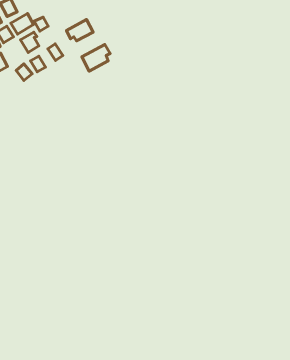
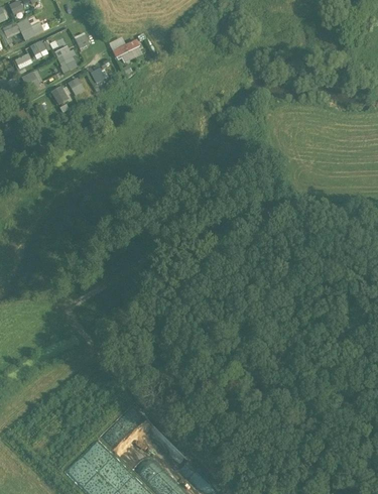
building: [82,45,110,71] -> none

